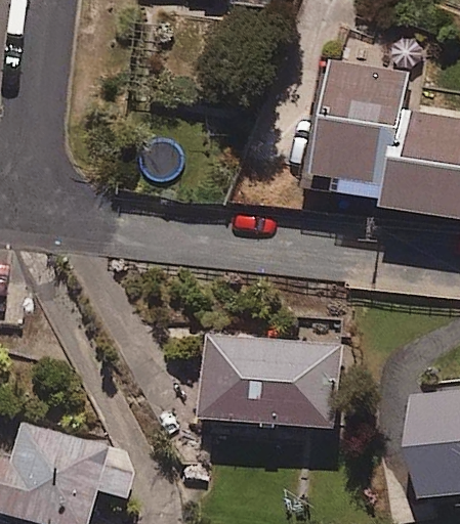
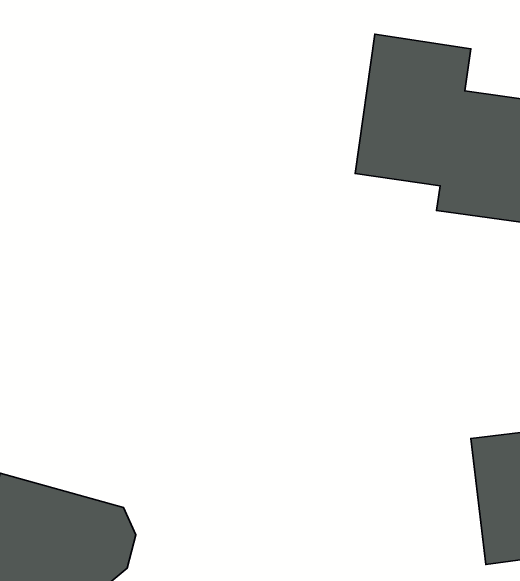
building: [200,333,341,426] -> none

